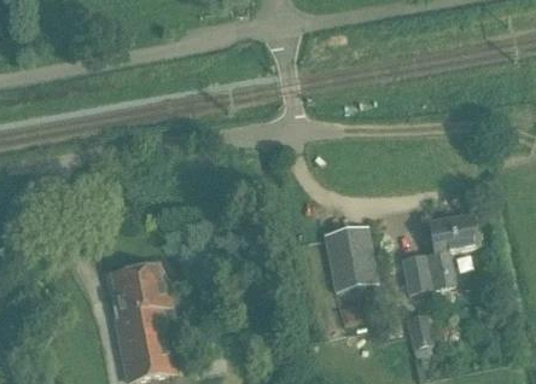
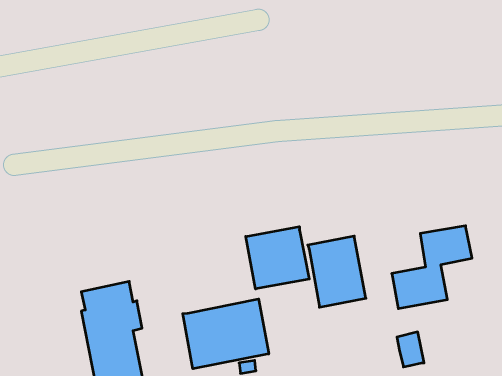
building: none -> [246,227,309,289]
building: none -> [183,299,269,369]

